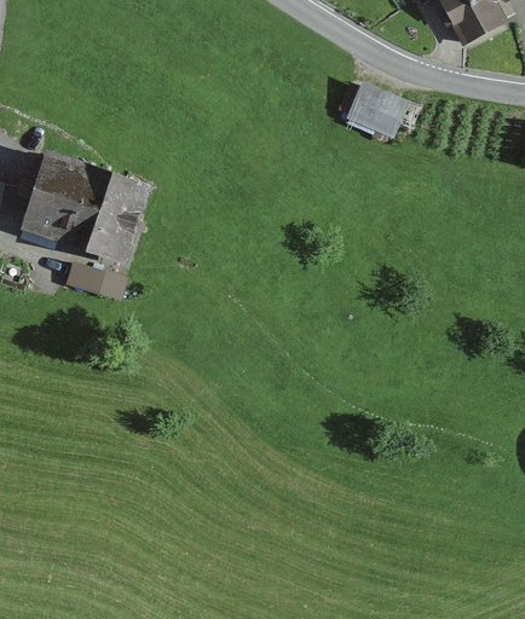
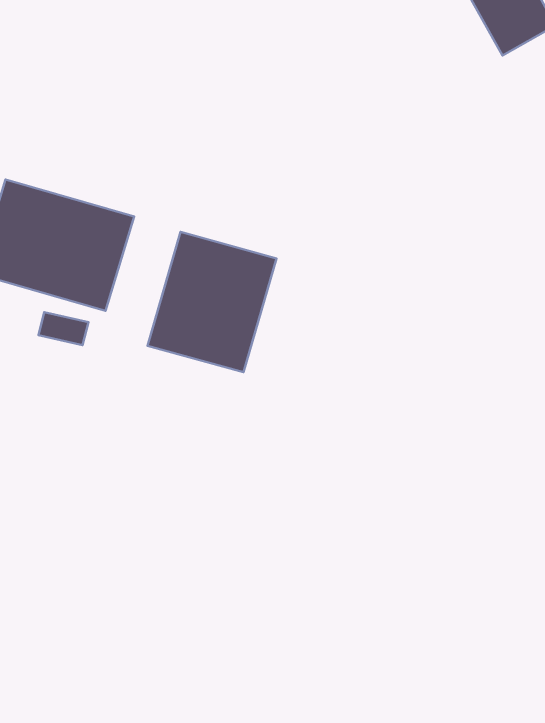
building: [351,82,416,132] -> none
building: none -> [148,232,276,372]

